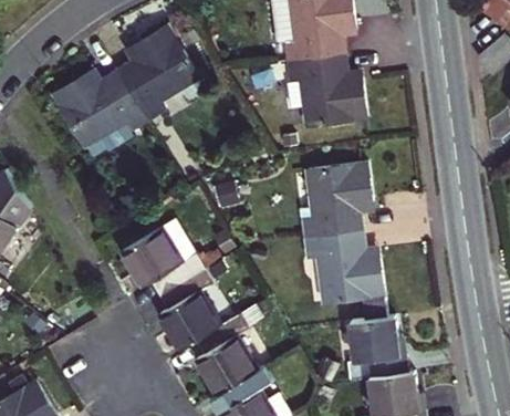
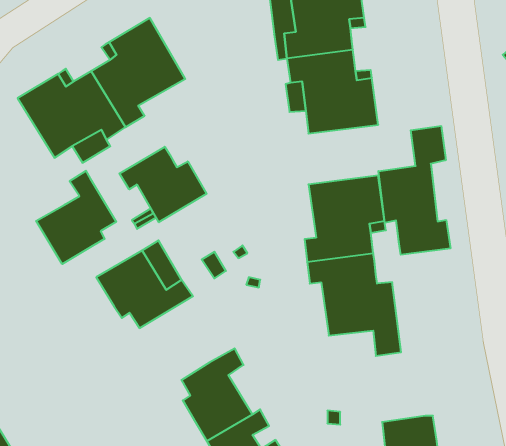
building: none -> [378,126,450,255]
building: none -> [119,147,207,222]
building: none -> [36,171,116,264]
building: [158,268,219,350] -> none
building: [347,316,407,379] -> none

